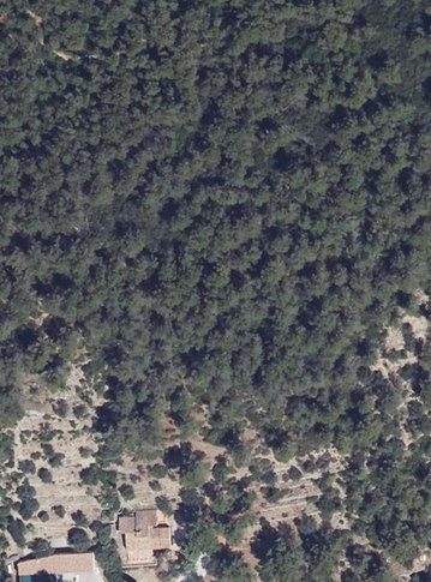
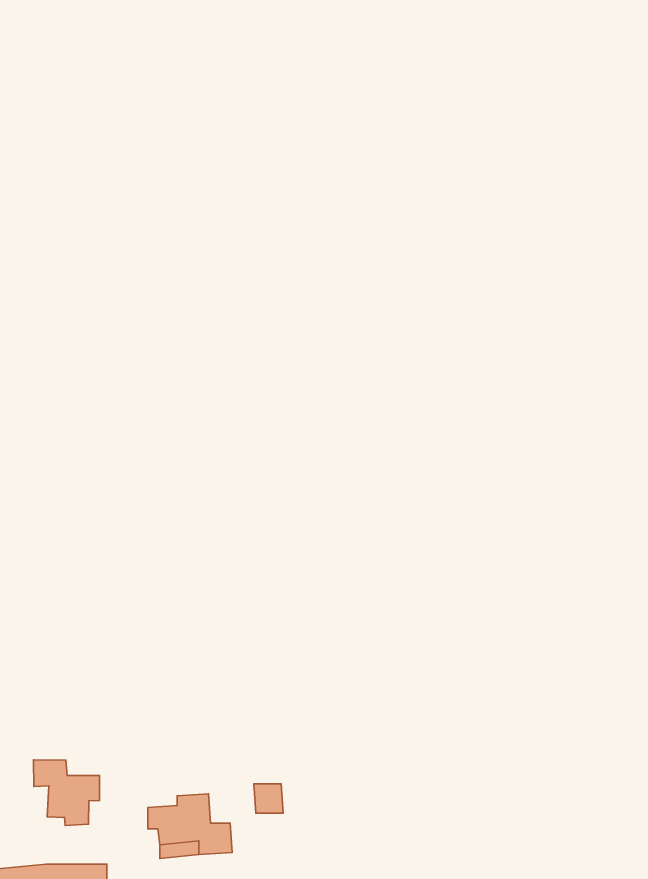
building: none -> [34,760,99,825]

